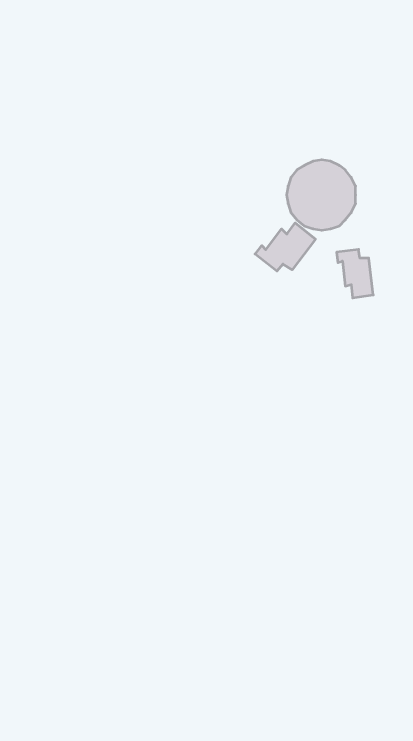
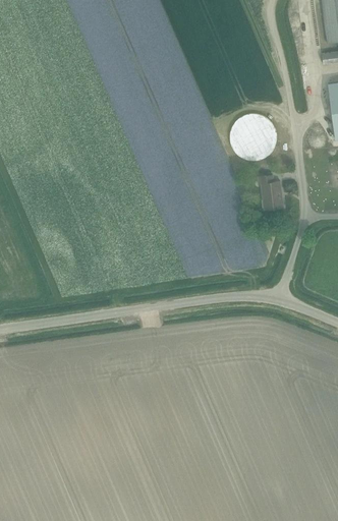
building: [255,223,315,271] -> none

